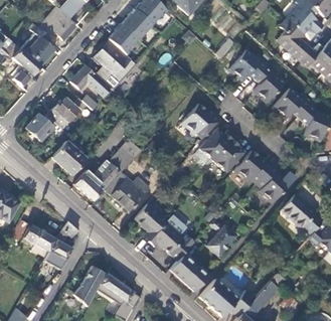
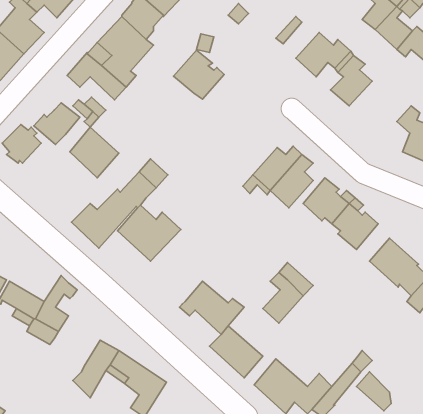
building: [274,89,311,119] -> none
building: [182,105,217,139] -> [174,50,224,99]
building: [51,141,86,176] -> [70,127,119,178]
building: [135,204,167,238] -> none

